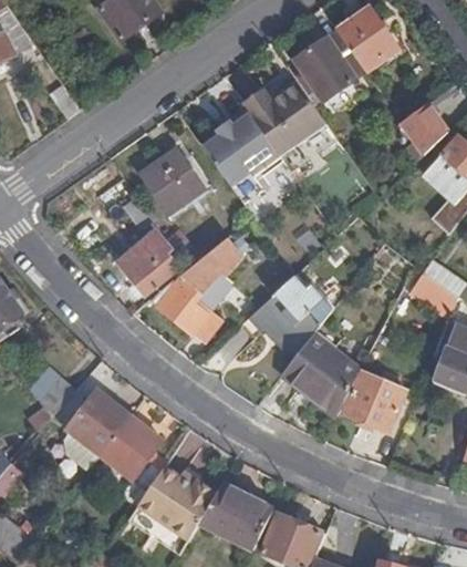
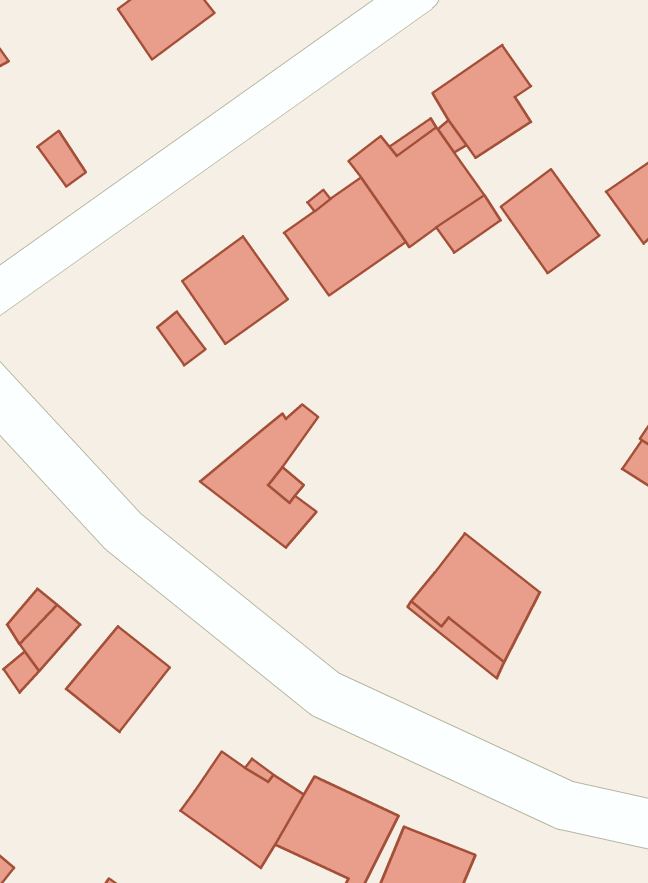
building: [338,7,398,71] -> [501,169,599,273]
building: [118,228,178,293] -> none
building: [249,276,332,357] -> none
building: [344,371,406,432] -> none
building: [101,415,167,492] -> none

